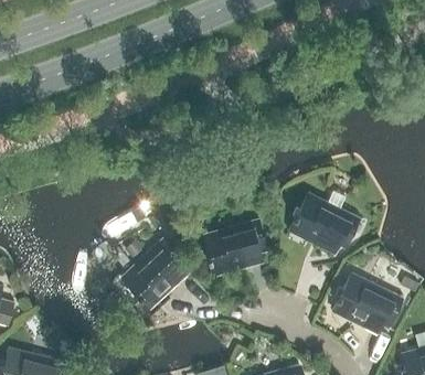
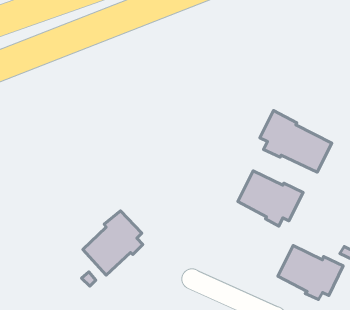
building: none -> [260,111,332,172]
building: [202,219,267,275] -> none

